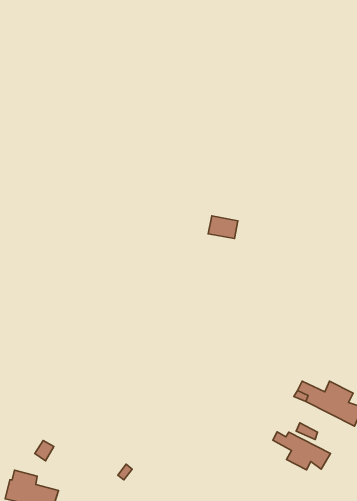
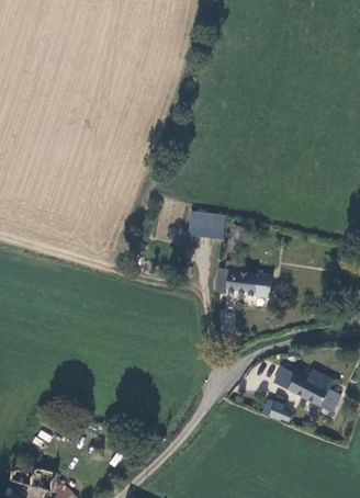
building: none -> [213,269,267,298]
building: [273,432,331,470] -> none

